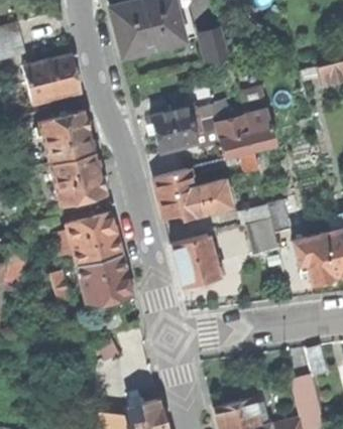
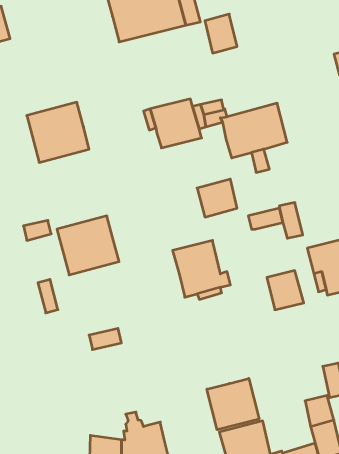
building: [24,54,81,104] -> none
building: [50,152,107,205] -> none
building: [154,169,201,219] -> none
building: [246,219,279,254] -> [267,271,304,310]
building: [78,254,133,303] -> none
building: none -> [207,378,259,430]

